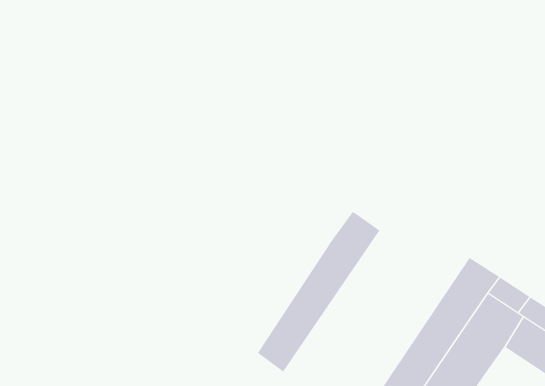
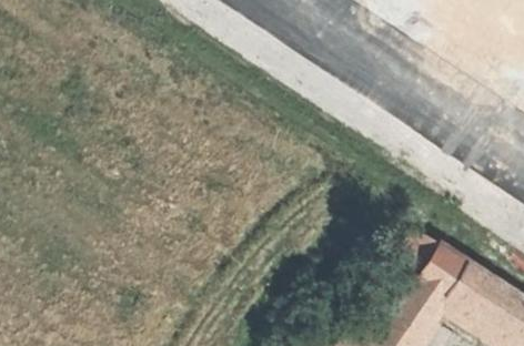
building: [257,211,380,373] -> none

